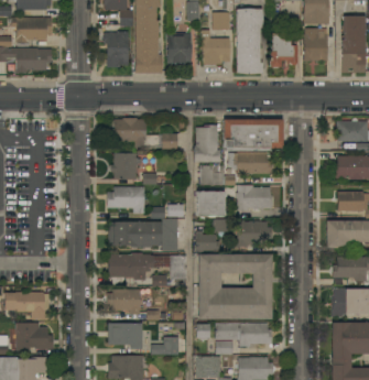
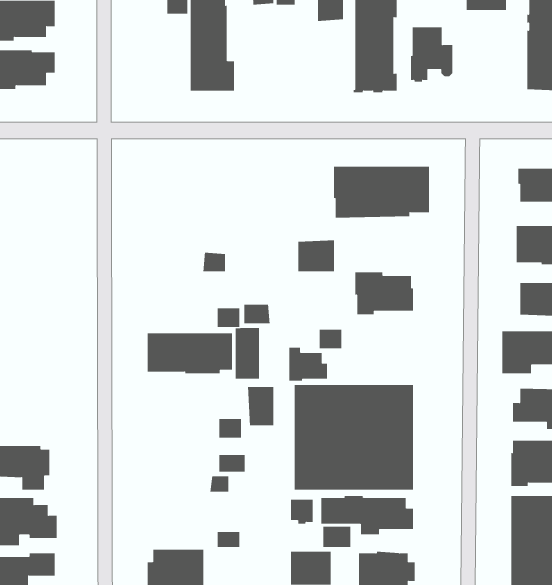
building: [304,28,327,61] -> none
building: [200,30,230,64] -> none
building: [104,31,129,67] -> none
building: [167,33,191,64] -> none
building: [108,117,177,149] -> none
building: [194,123,220,162] -> none
building: [228,151,272,175] -> none
building: [110,152,141,178] -> none
building: [107,186,144,213] -> none
building: [196,191,225,216] -> none
building: [237,220,272,247] -> none
building: [108,252,154,280] -> none
building: [107,289,140,314] -> none
building: [108,323,142,348] -> none

